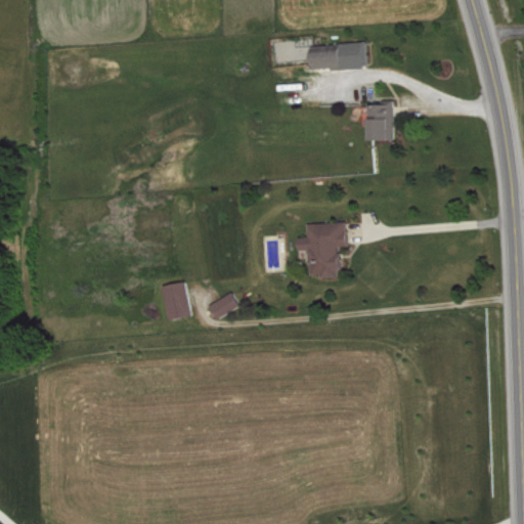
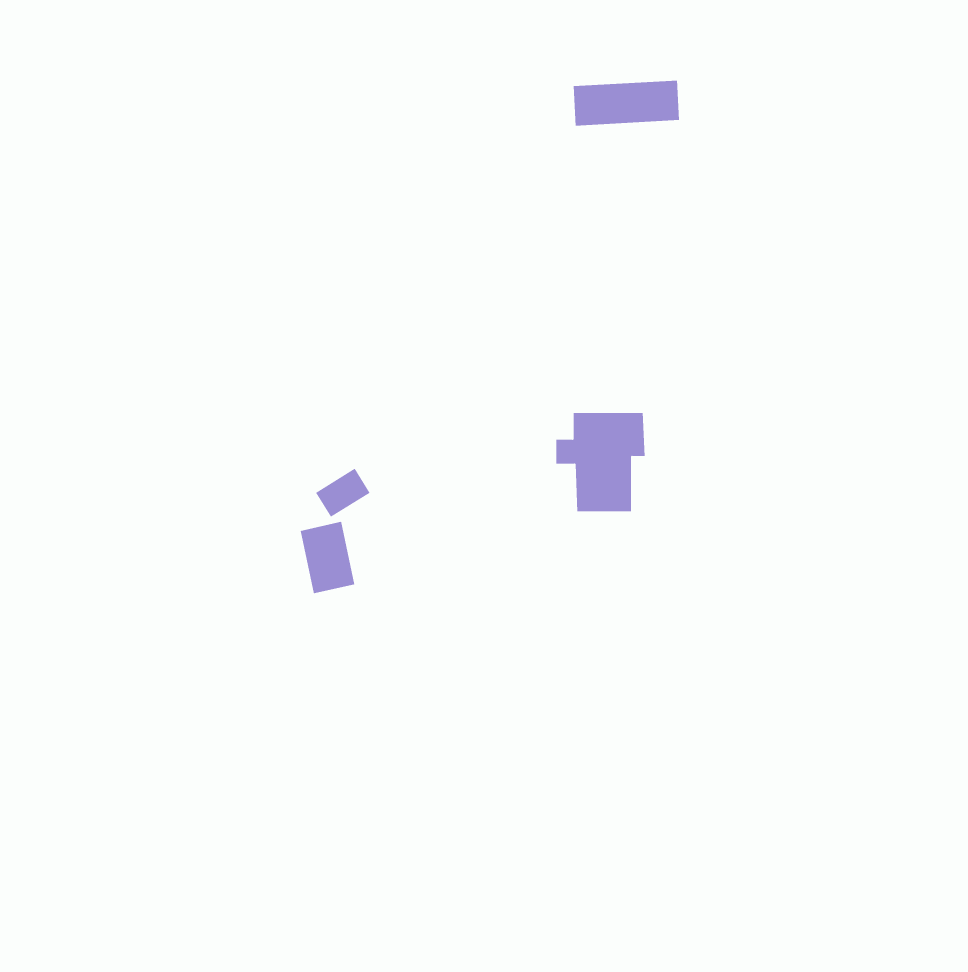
building: [365,103,392,141] -> none
building: [209,293,238,319] -> [315,468,370,518]

